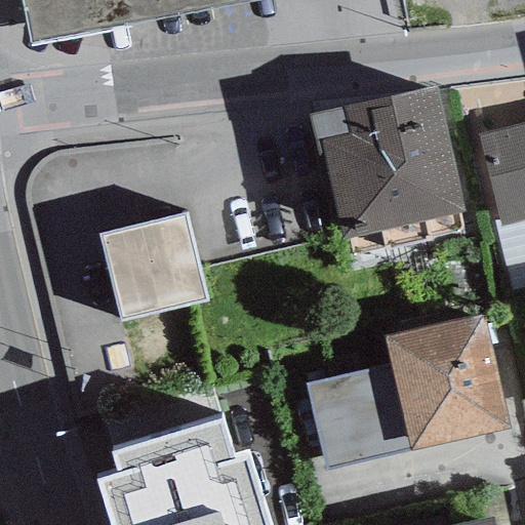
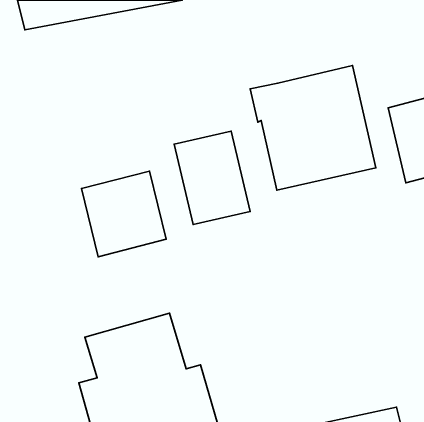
building: none -> [174,131,250,224]
building: [310,314,510,466] -> none

